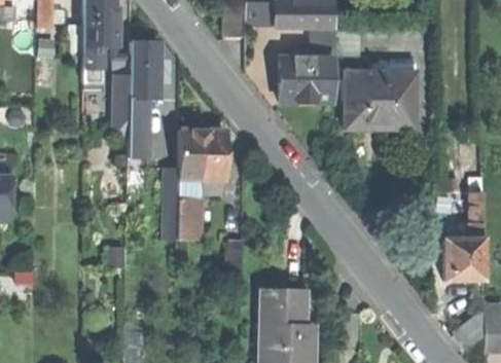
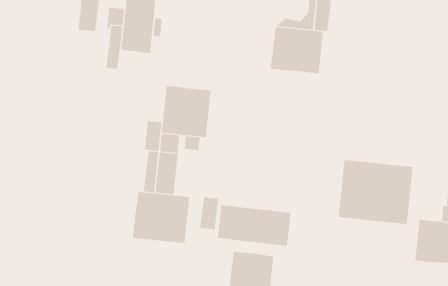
building: [346,70,417,129] -> [338,160,414,224]
building: [128,99,148,155] -> none
building: none -> [132,191,190,244]
building: none -> [217,204,291,247]

